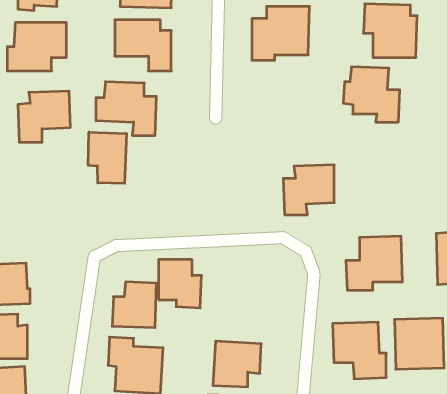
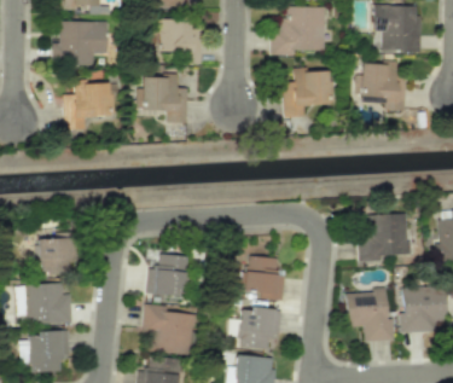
building: [88,132,126,183] -> none
building: [283,165,334,215] -> [283,70,329,115]
building: [159,260,202,308] -> [246,257,285,301]

